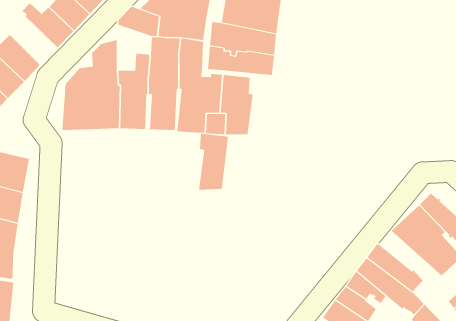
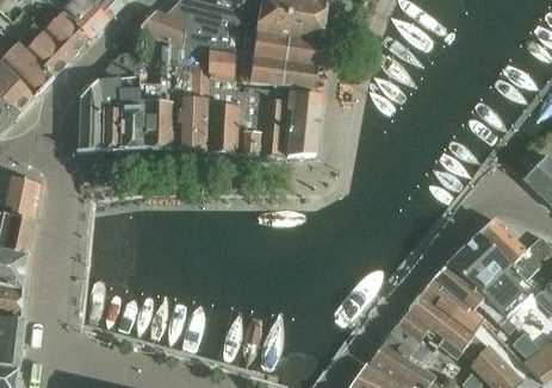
building: none -> [23,23,70,77]
building: [198,133,229,190] -> [286,92,321,156]
building: none -> [433,264,515,332]

